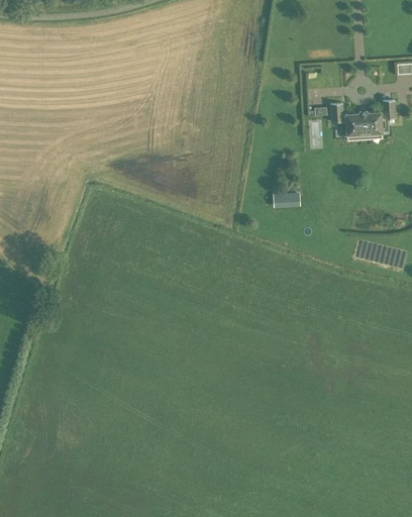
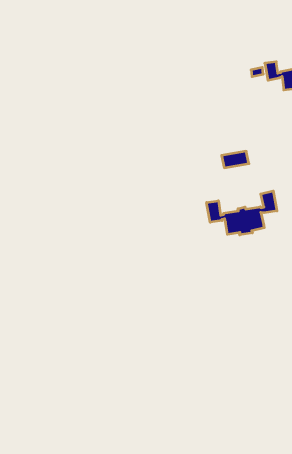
building: none -> [207,191,277,235]

